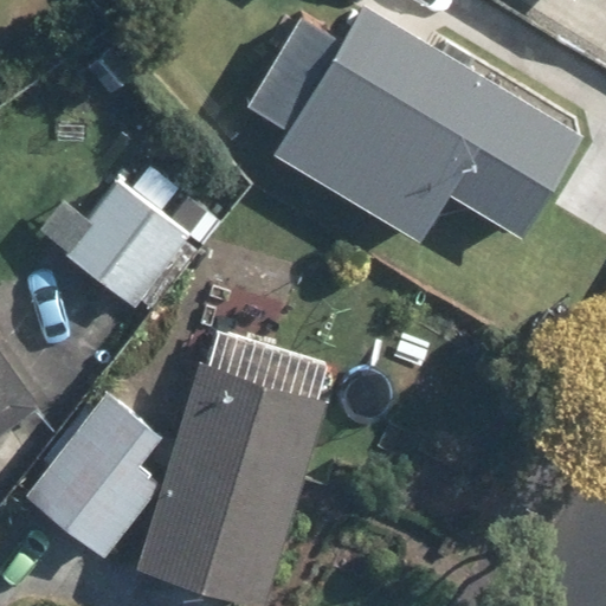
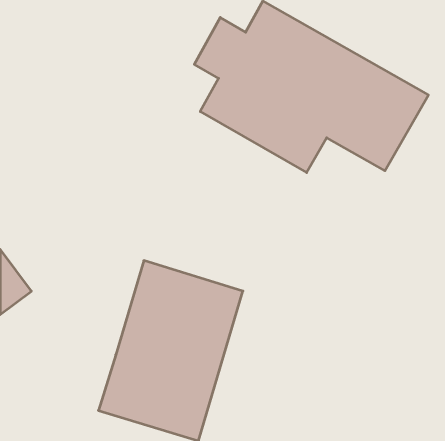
building: [60,180,226,311] -> none
building: [22,392,160,555] -> none

